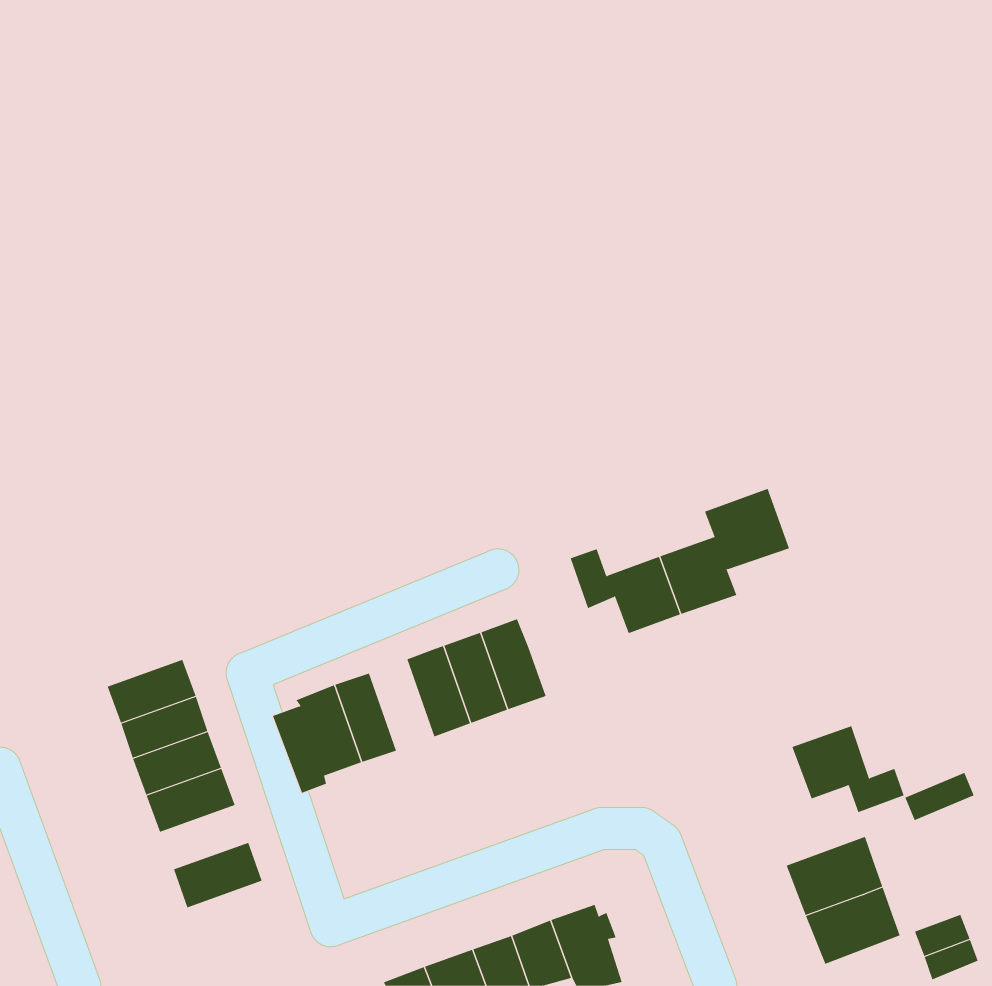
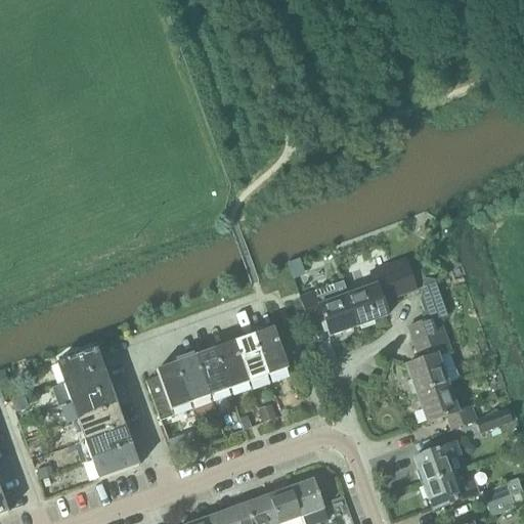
building: none -> [407,278,452,393]
building: none -> [195,347,229,395]
building: none -> [85,424,132,457]

